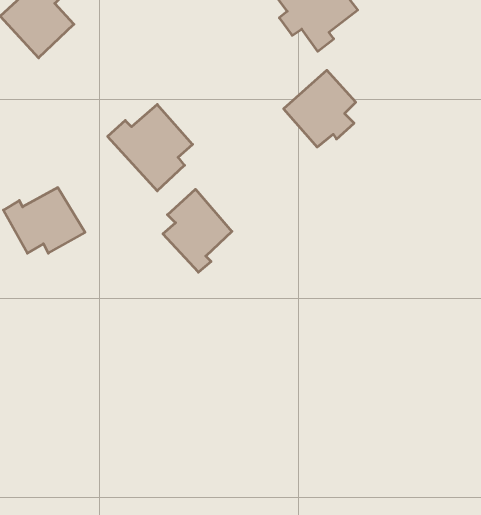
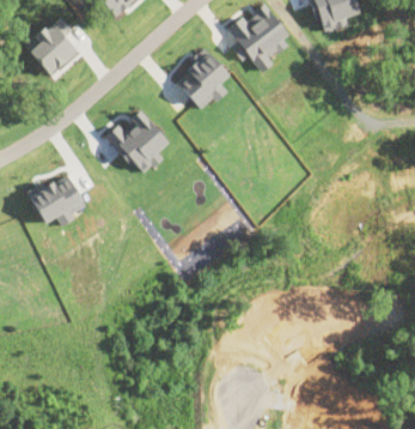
building: [284,70,356,147] -> [175,50,228,108]
building: [163,189,232,272] -> none

